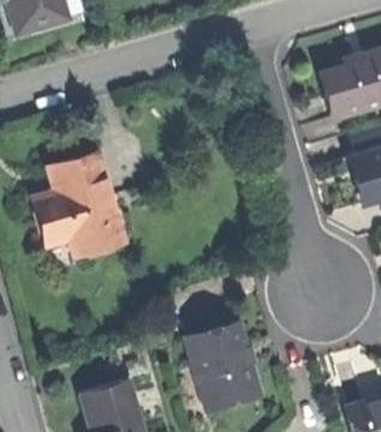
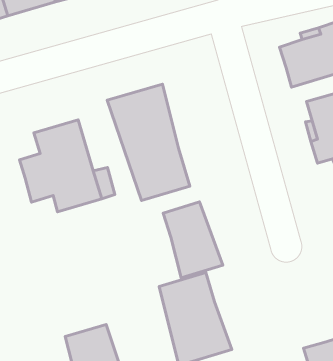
building: none -> [107,84,190,200]
building: none -> [163,202,223,278]

